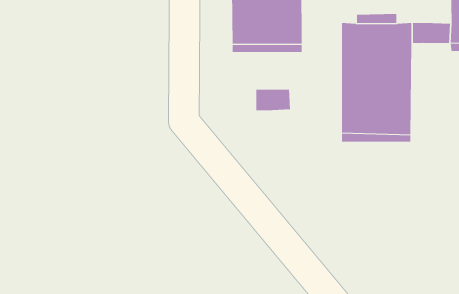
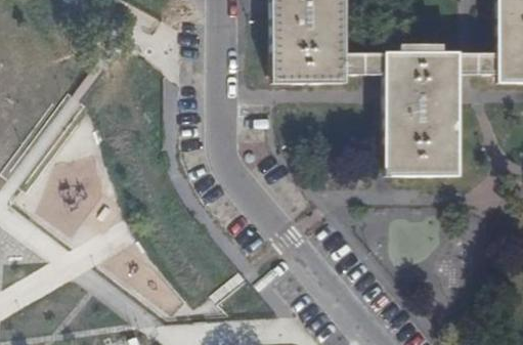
building: none -> [346,53,386,76]
building: [256,89,290,111] -> none

